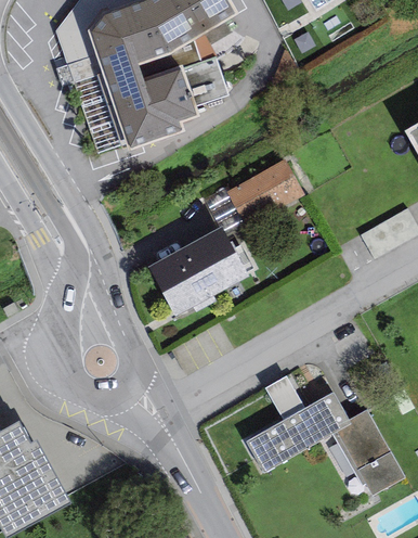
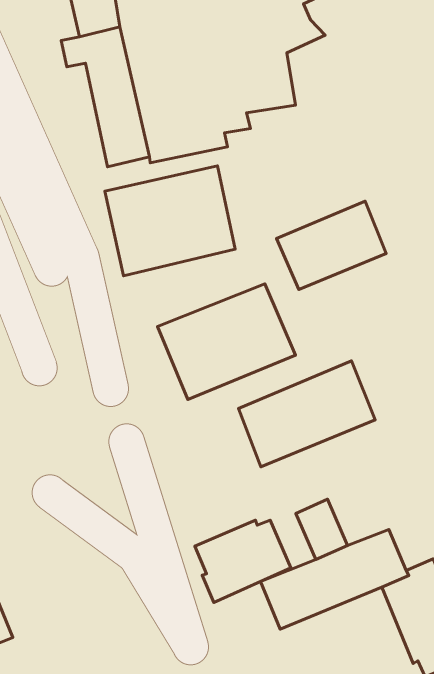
building: none -> [105,166,235,276]
building: none -> [238,361,375,467]
building: none -> [195,520,291,603]

